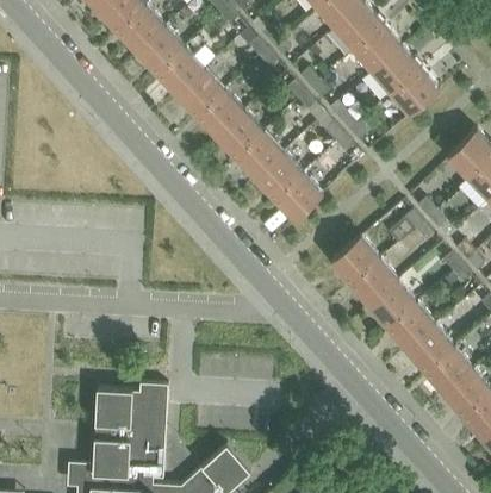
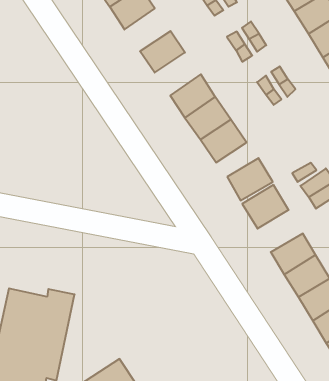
building: [176,70,225,118] -> none
building: [216,112,265,160] -> none
building: [350,261,399,308] -> [227,158,273,200]

